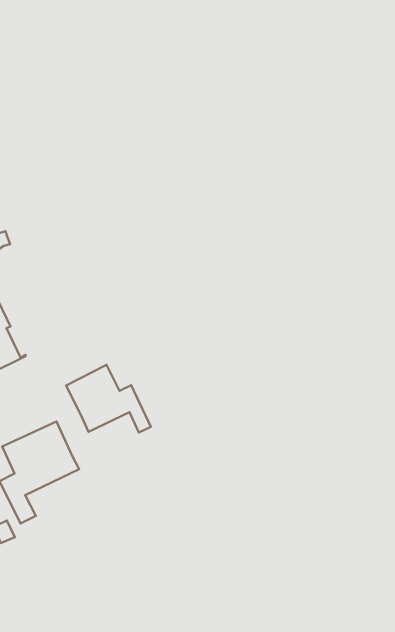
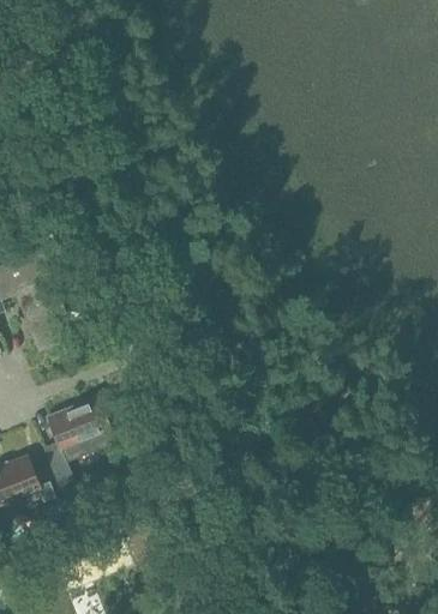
building: [66,365,151,432] -> none

